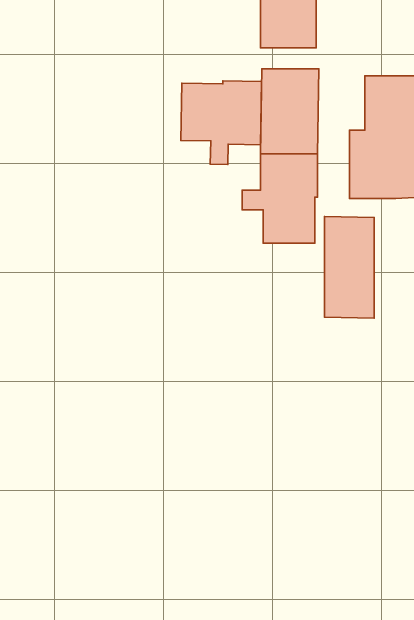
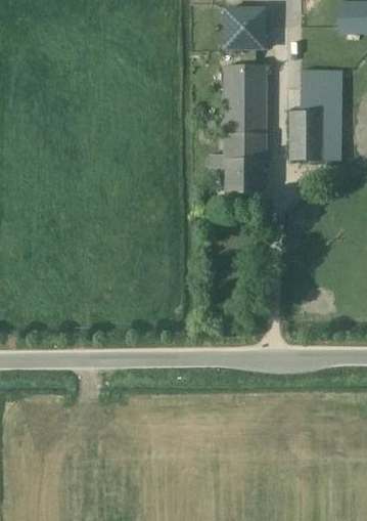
building: [181,81,262,164] -> none
building: [325,217,374,318] -> none

